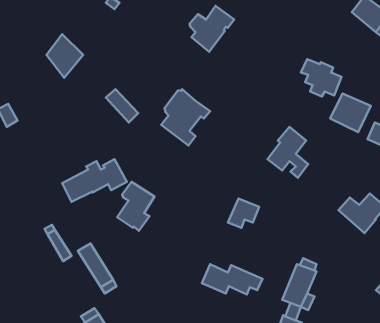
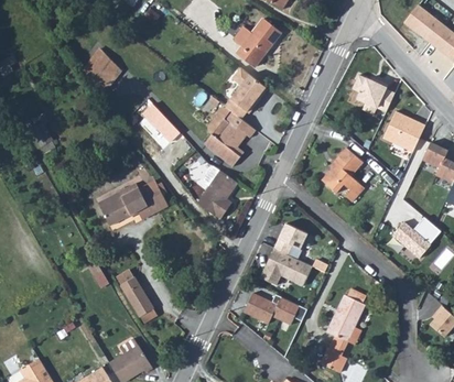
building: none -> [224,67,268,119]
building: [117,182,155,231] -> [197,166,237,218]
building: none -> [261,248,314,284]

